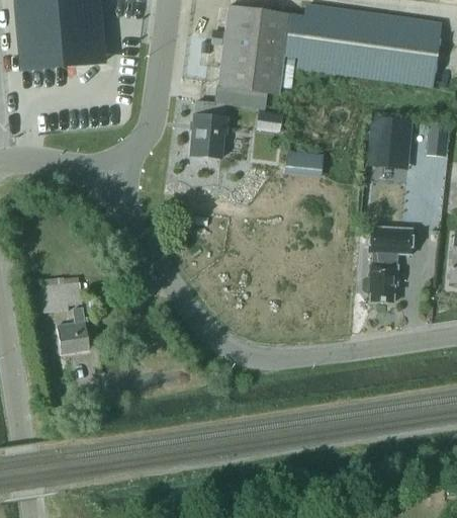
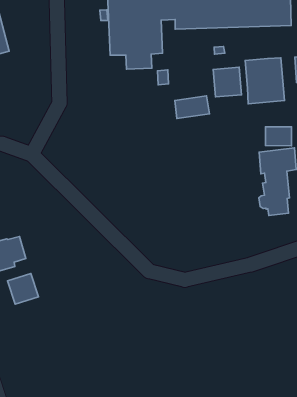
building: [191,100,227,158] -> none
building: none -> [213,67,241,97]
building: none -> [266,127,292,146]

